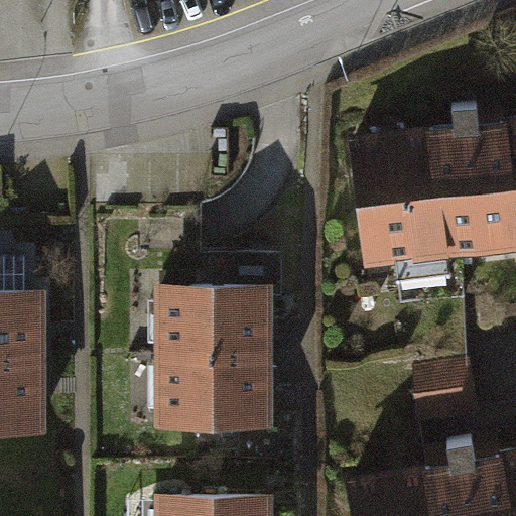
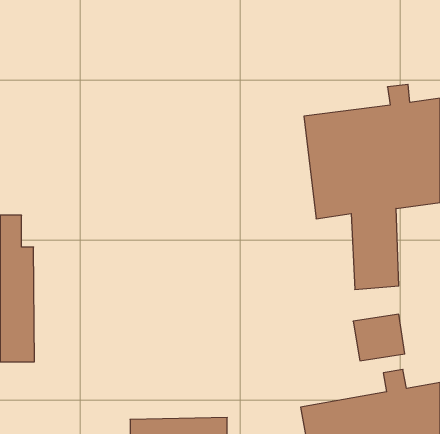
building: [152,257,282,457] -> none

